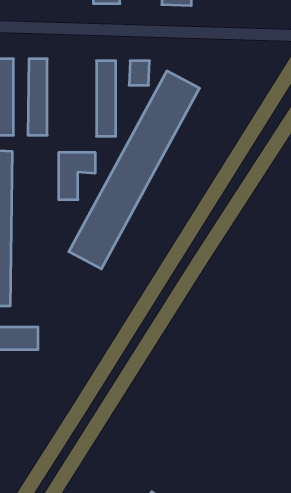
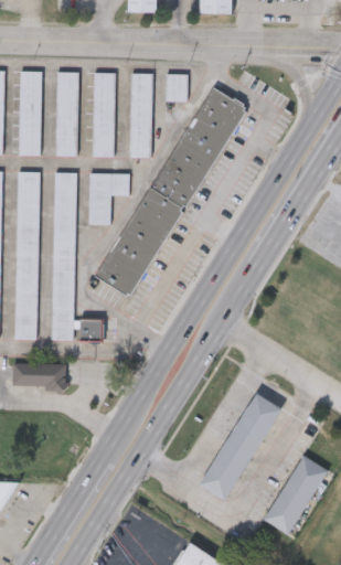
building: none -> [94,73,114,156]
building: none -> [52,172,103,341]
building: none -> [199,393,281,499]
building: none -> [264,454,328,534]

